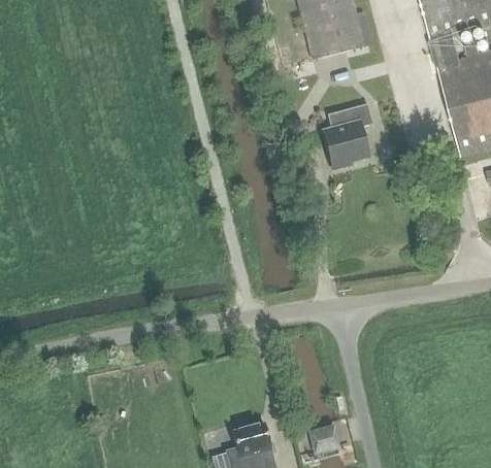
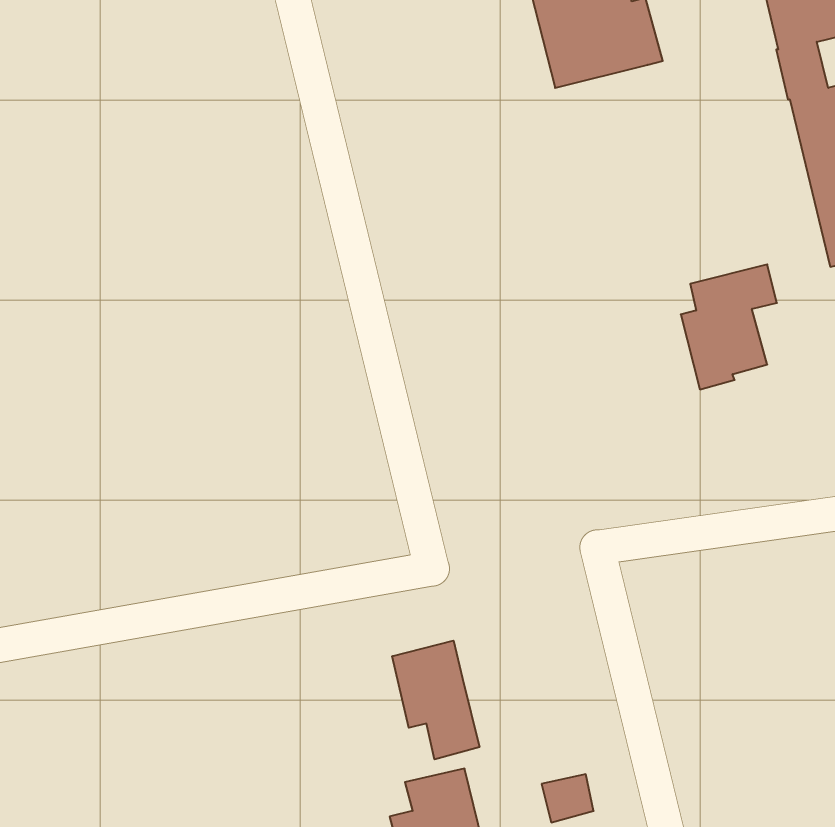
building: [322,100,373,167] -> [681,264,777,389]
building: none -> [392,641,479,759]

